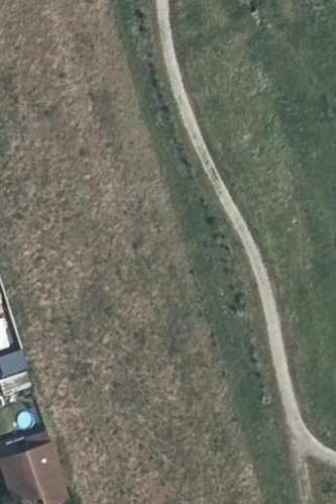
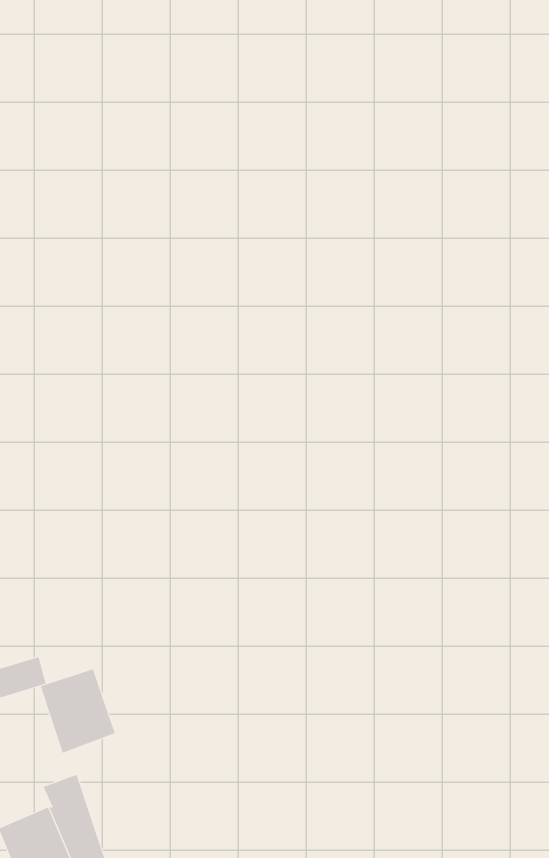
building: none -> [40,668,116,753]

